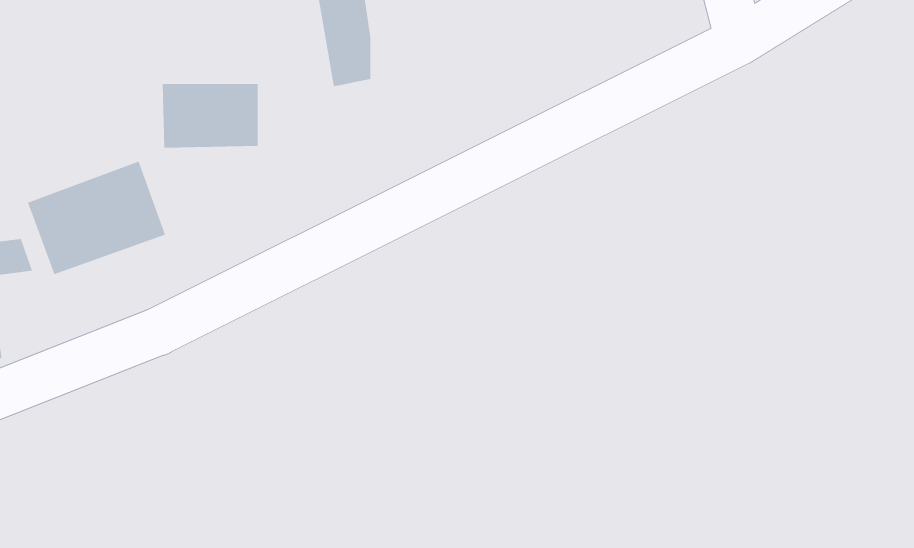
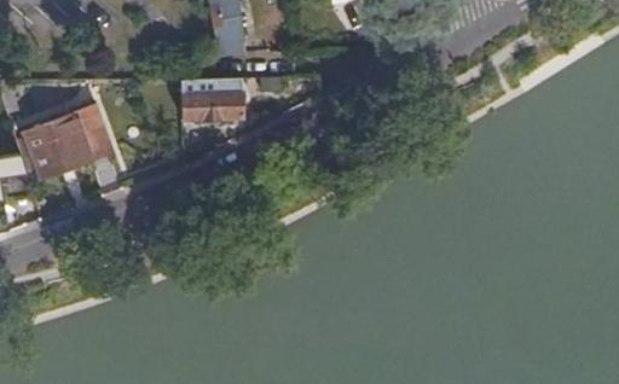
building: [162,84,259,148] -> [180,78,242,120]

